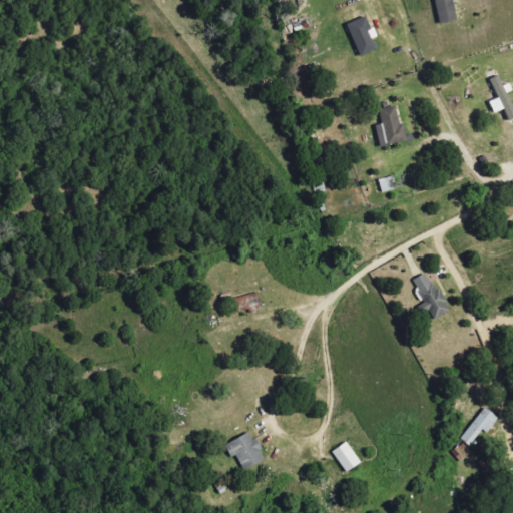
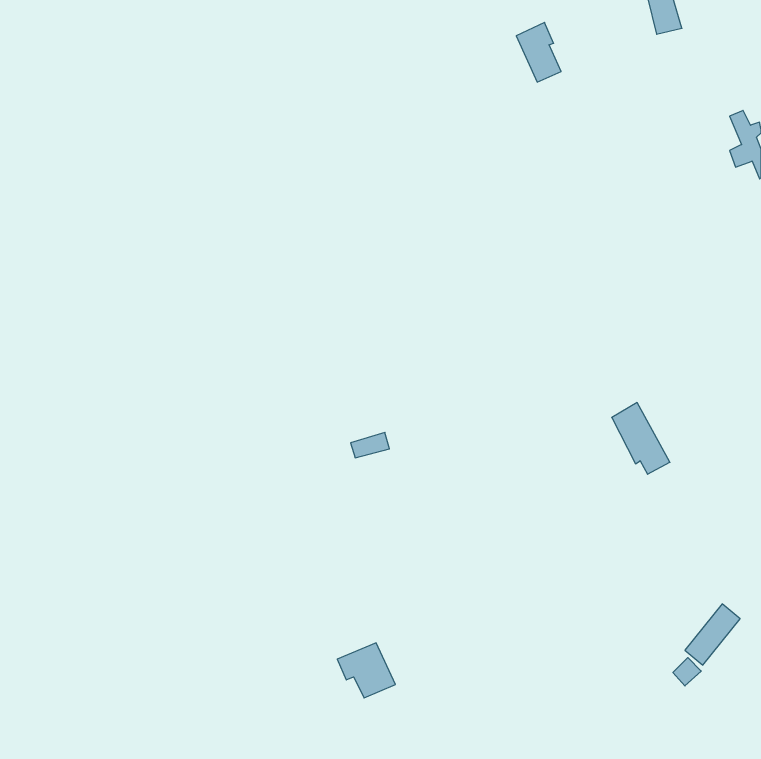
building: [376,104,406,146] -> none
building: [333,442,361,472] -> none

